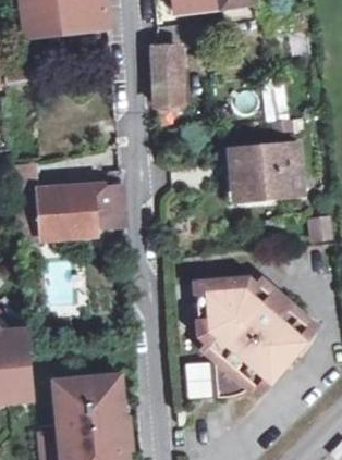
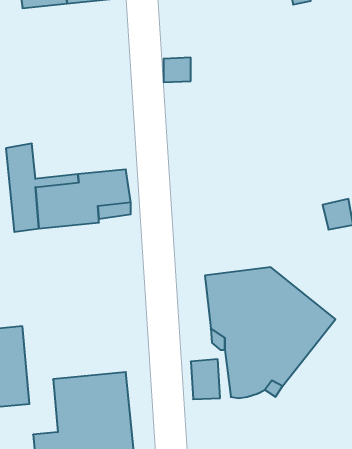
building: [155,47,183,84] -> none
building: [232,142,305,196] -> none

